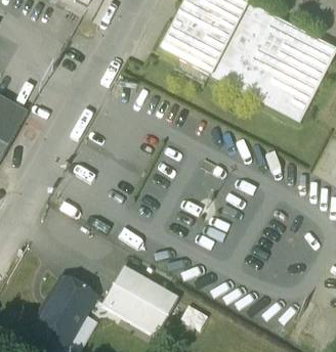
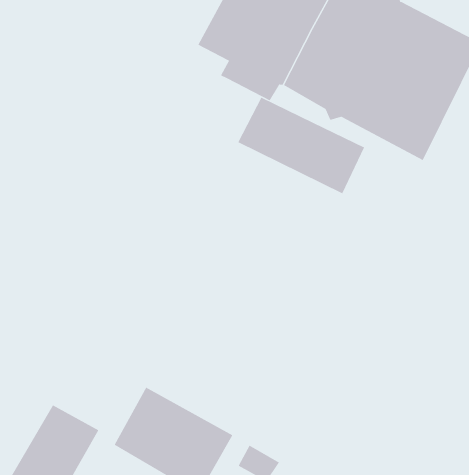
building: none -> [238,97,365,194]

